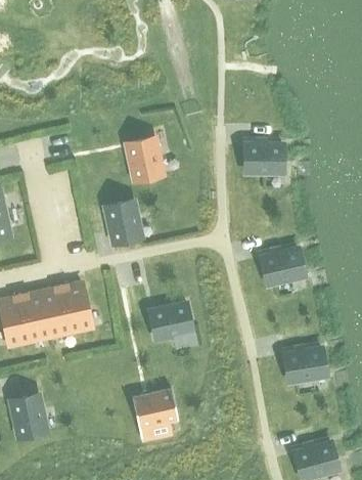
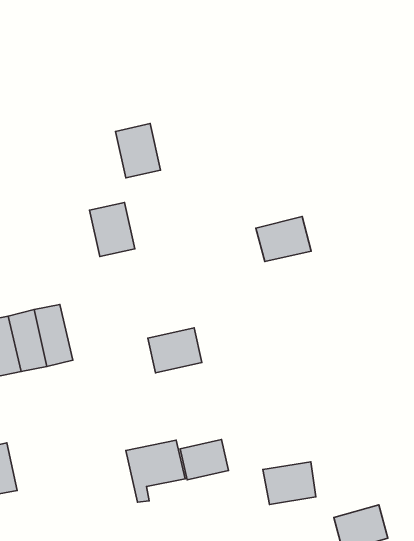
building: [244,145,280,171] -> none
building: [260,247,304,282] -> [256,216,311,262]
building: [283,348,325,382] -> [263,462,316,505]
building: none -> [180,440,229,480]

